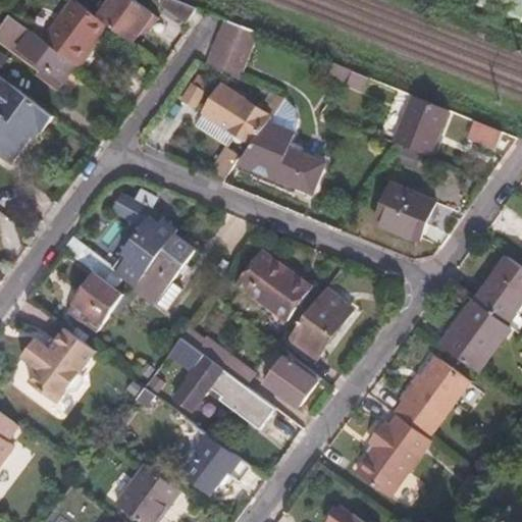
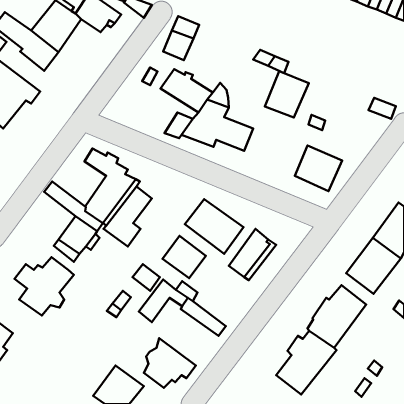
building: [396,99,452,158] -> [265,71,309,118]
building: [264,350,319,404] -> [163,236,206,278]

